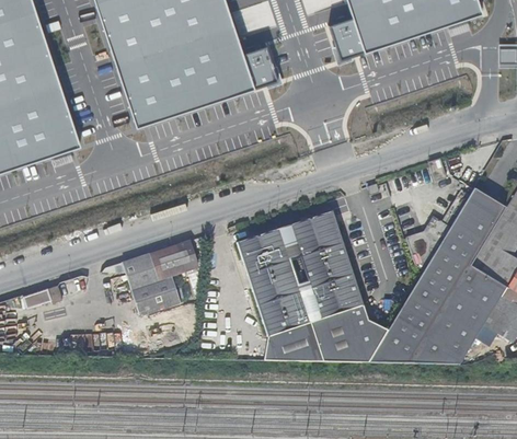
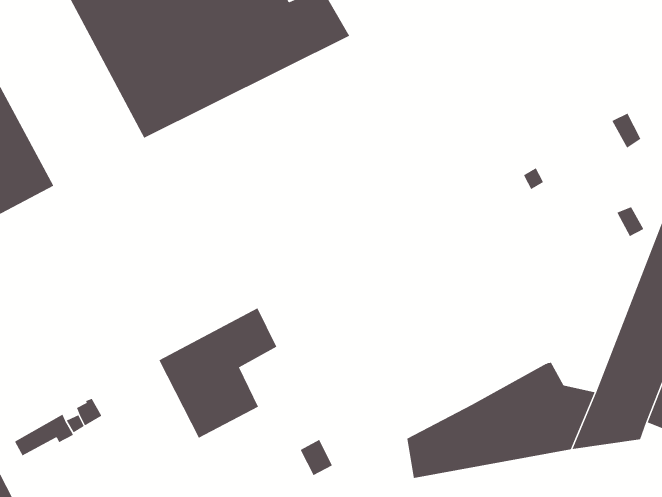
building: [237,212,363,336] -> none

